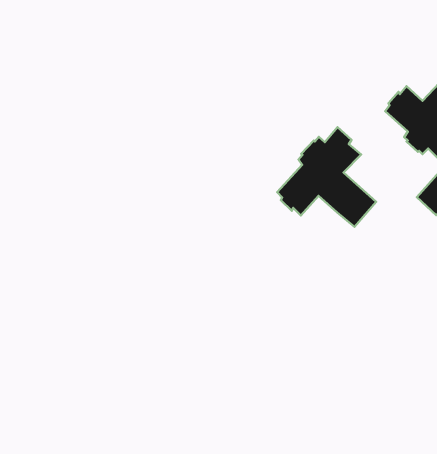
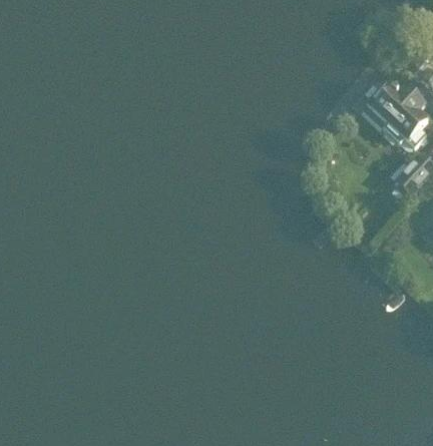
building: [277,127,376,227] -> none

